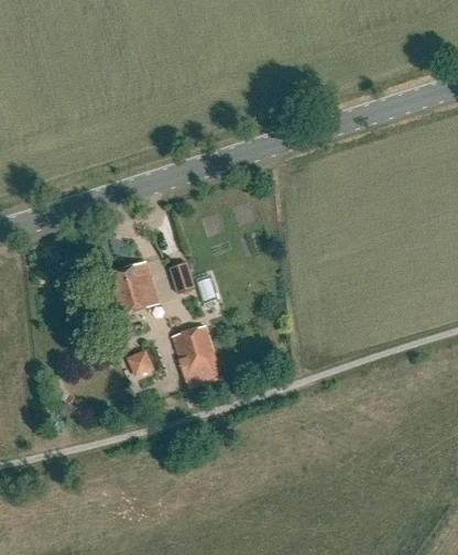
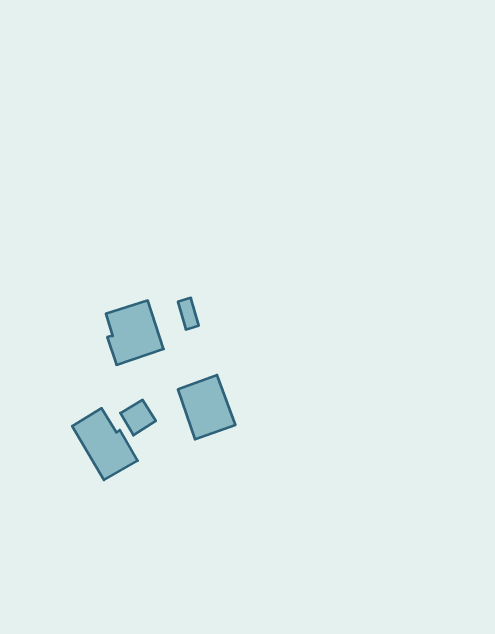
building: none -> [72,408,138,480]

